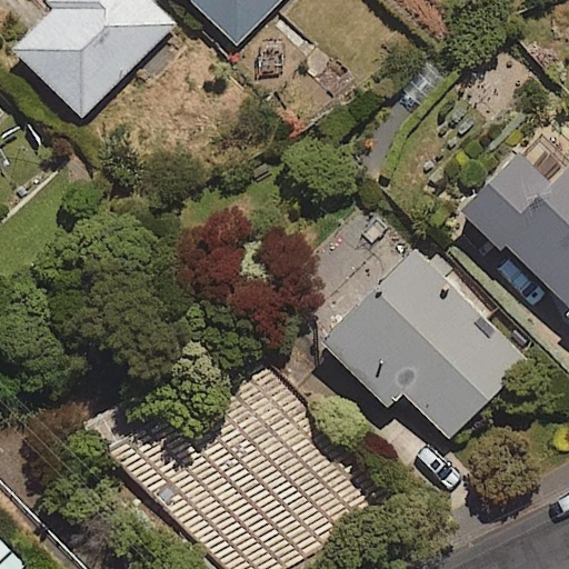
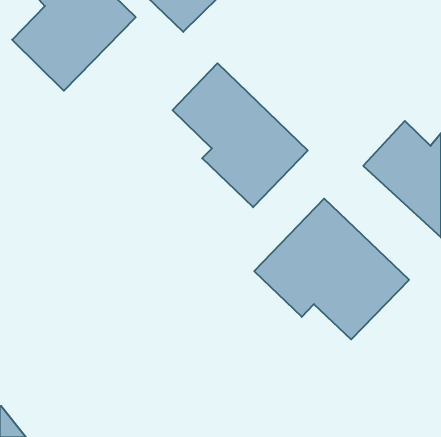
building: none -> [173,63,308,207]

